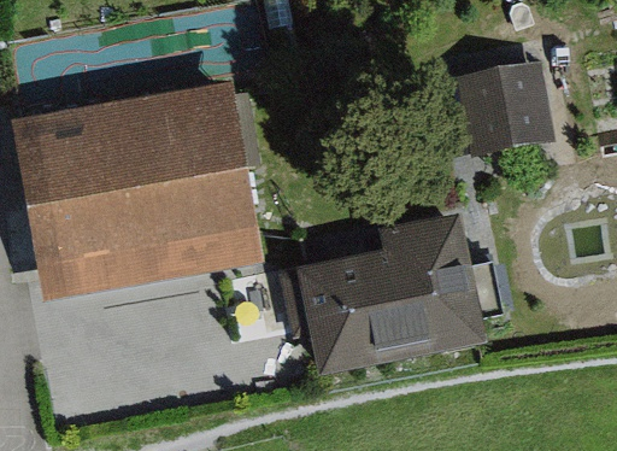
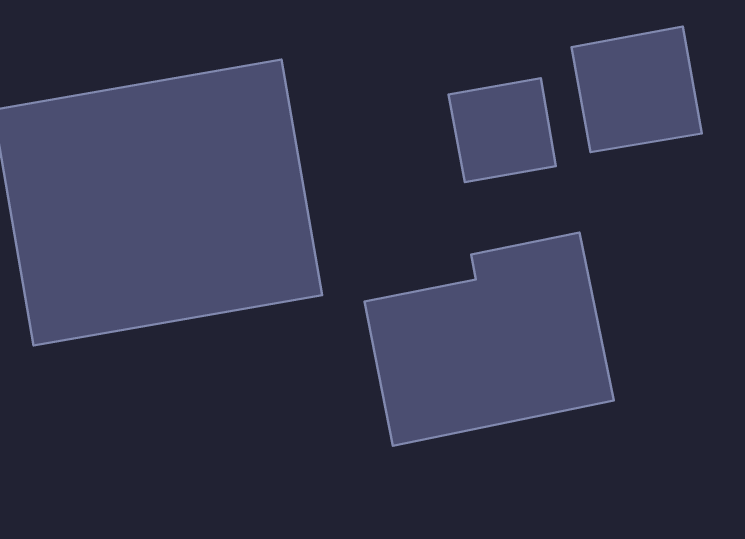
building: none -> [449,78,556,182]

